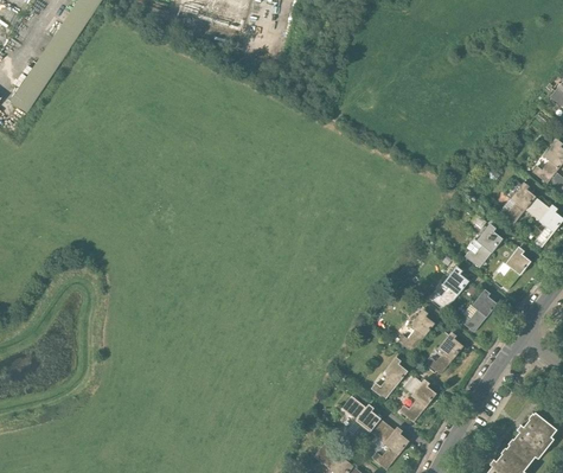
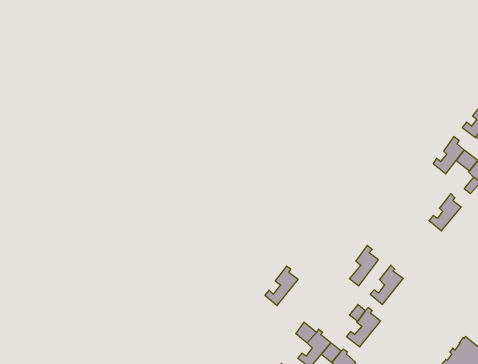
building: [465,223,501,264] -> none
building: [431,267,467,308] -> none
building: [459,290,495,332] -> none
building: [370,353,408,398] -> [265,266,298,306]

